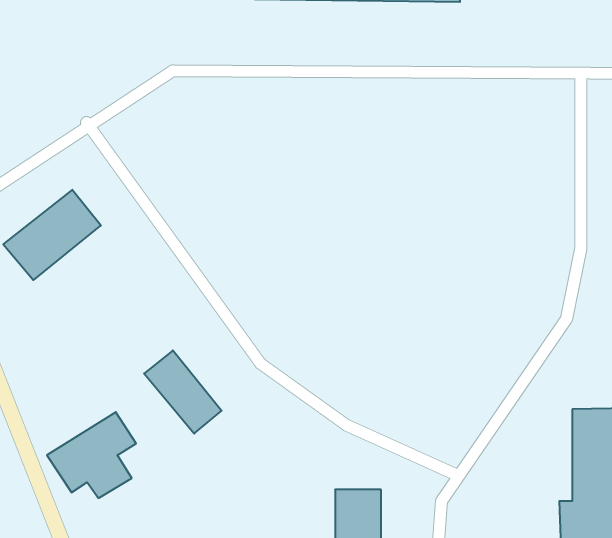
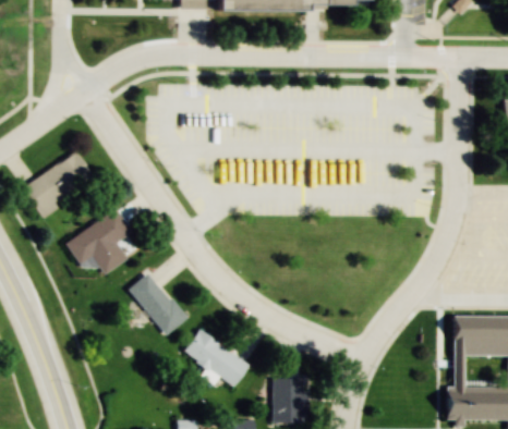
building: [47,412,136,498] -> [66,209,134,274]
building: none -> [185,331,253,388]

